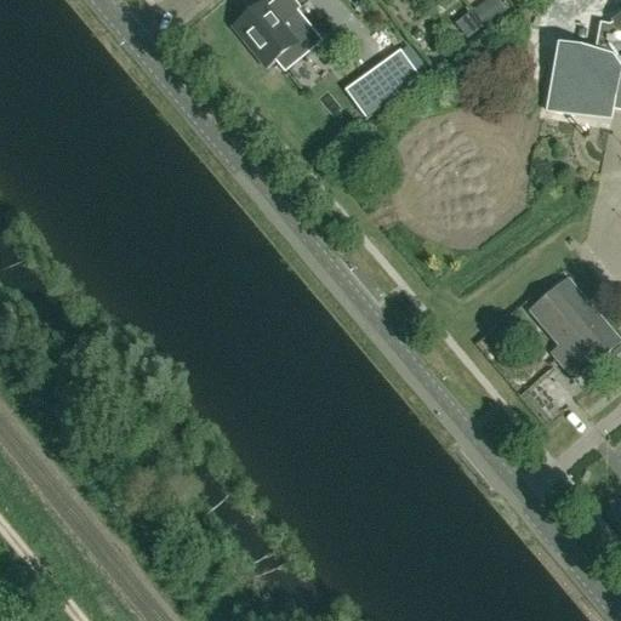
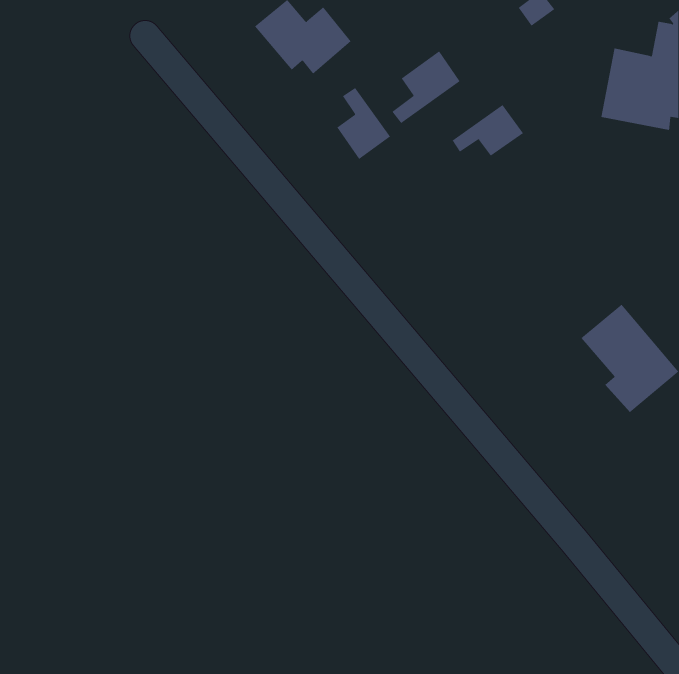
building: none -> [337,87,391,160]
building: none -> [452,104,524,157]

